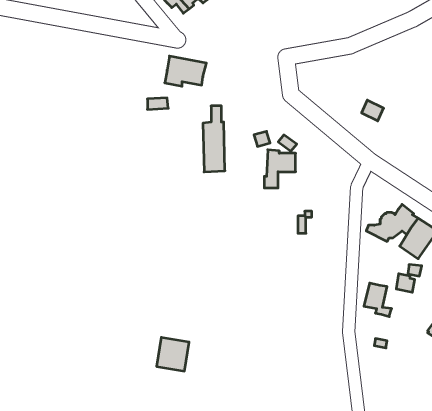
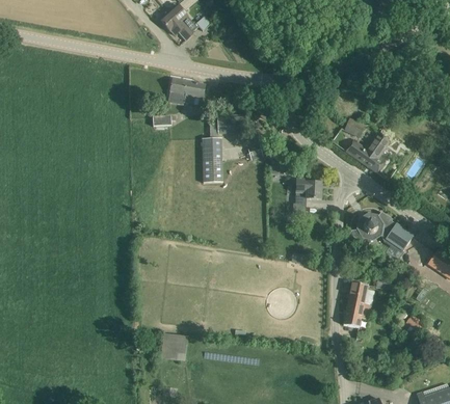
building: none -> [345,133,389,172]
building: [264,150,296,188] -> [292,179,320,213]
building: none -> [342,302,369,327]

